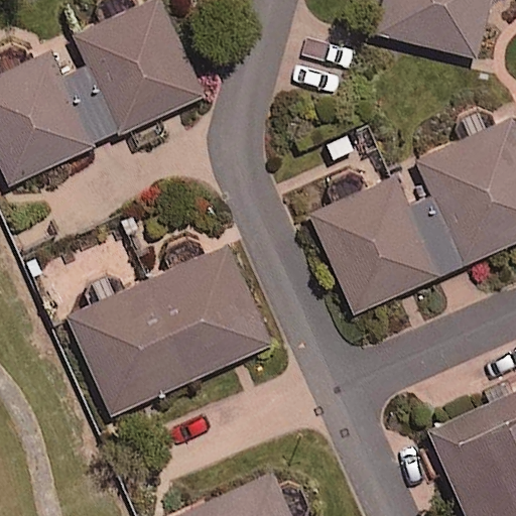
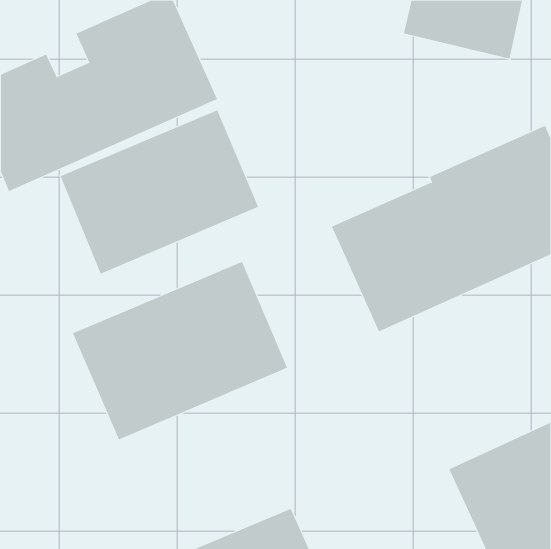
building: none -> [60,109,259,274]

